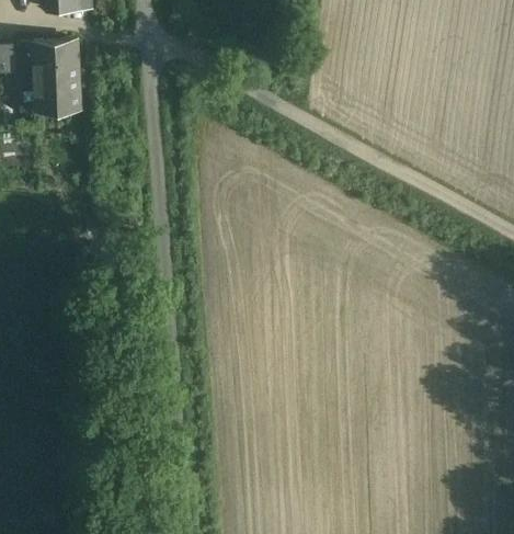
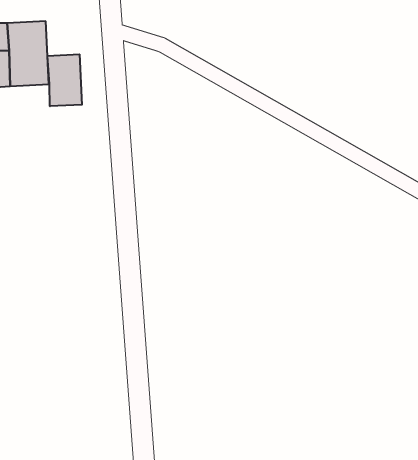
building: none -> [47,54,82,106]

